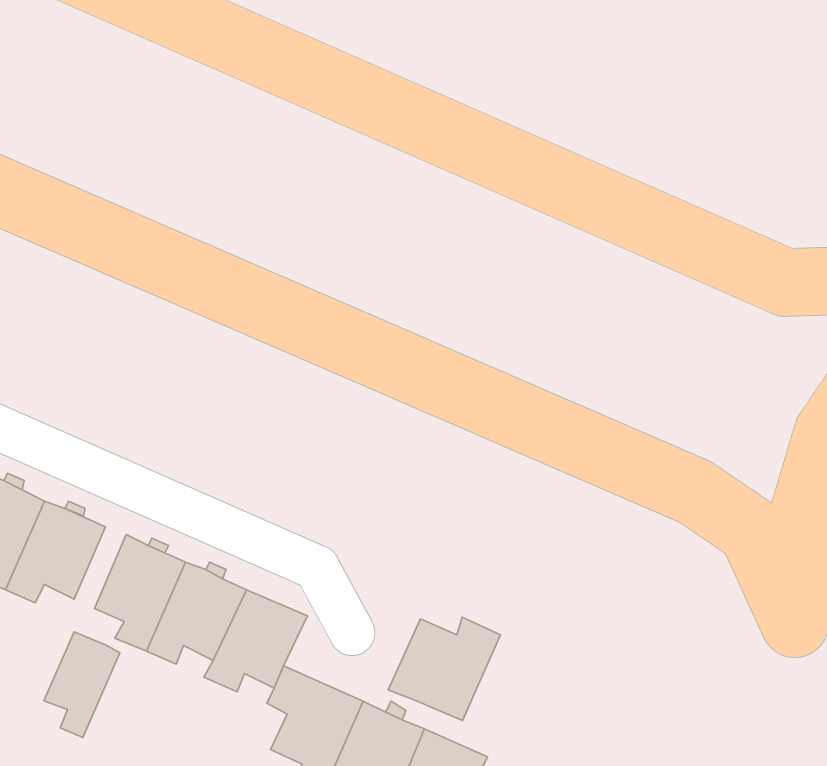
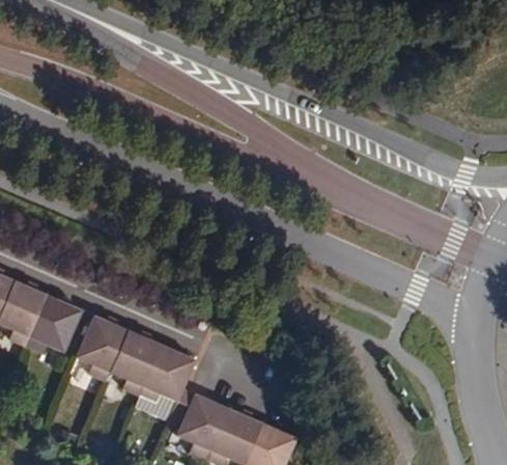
building: [388,617,500,721] -> none
building: [44,632,120,738] -> none

